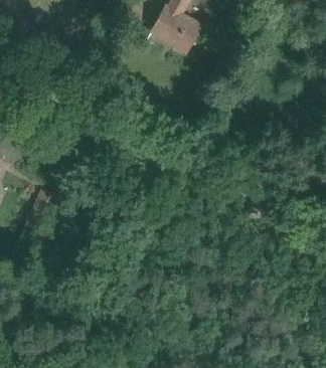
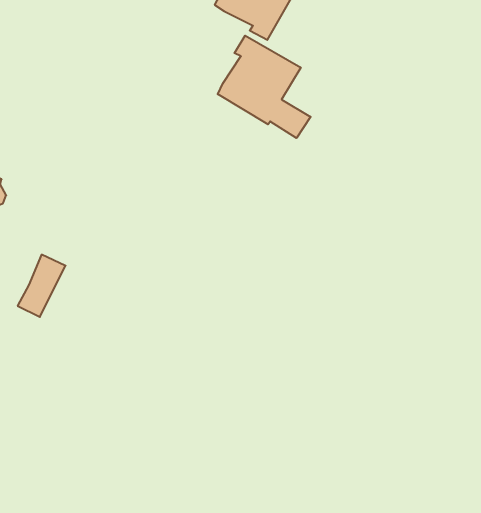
building: none -> [218,36,311,138]

